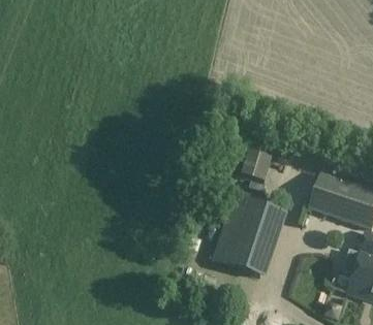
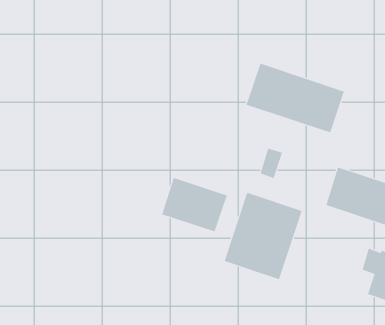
building: none -> [246,63,345,133]
building: none -> [162,177,228,232]

